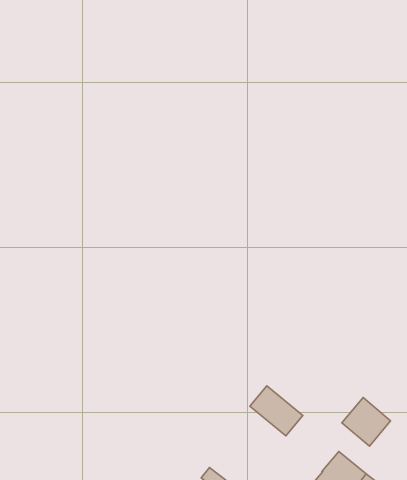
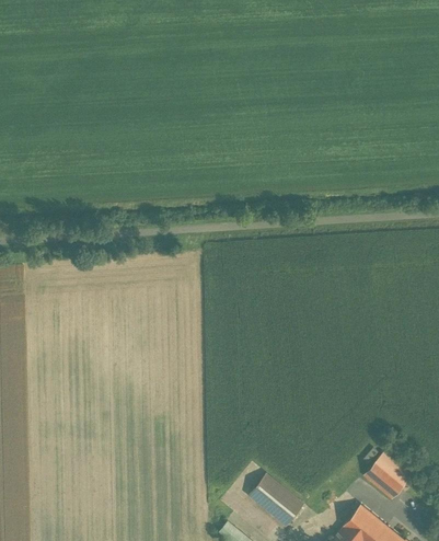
building: [250,386,303,436] -> [247,474,302,526]

